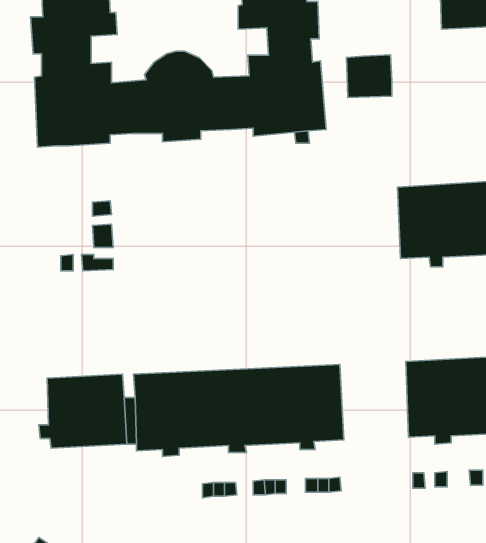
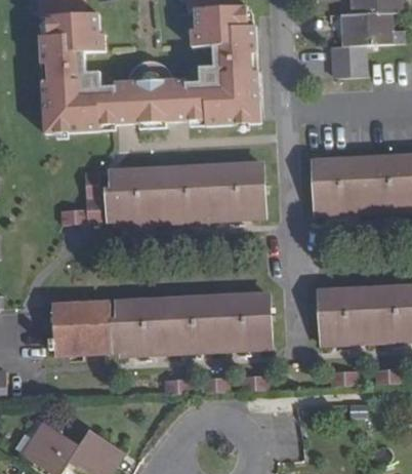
building: [347,55,392,97] -> [333,41,367,73]
building: none -> [110,163,267,229]

